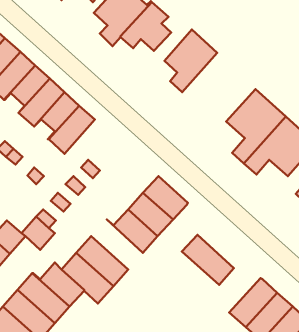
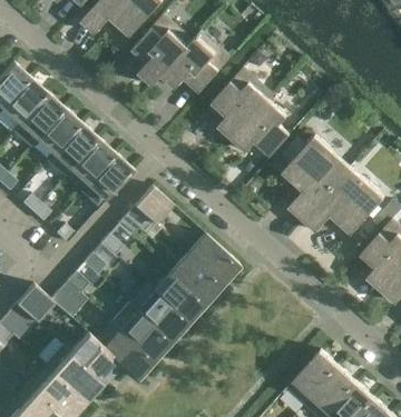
building: none -> [232,95,290,156]
building: none -> [134,187,172,225]
building: [182,235,234,285] -> [128,284,187,340]

